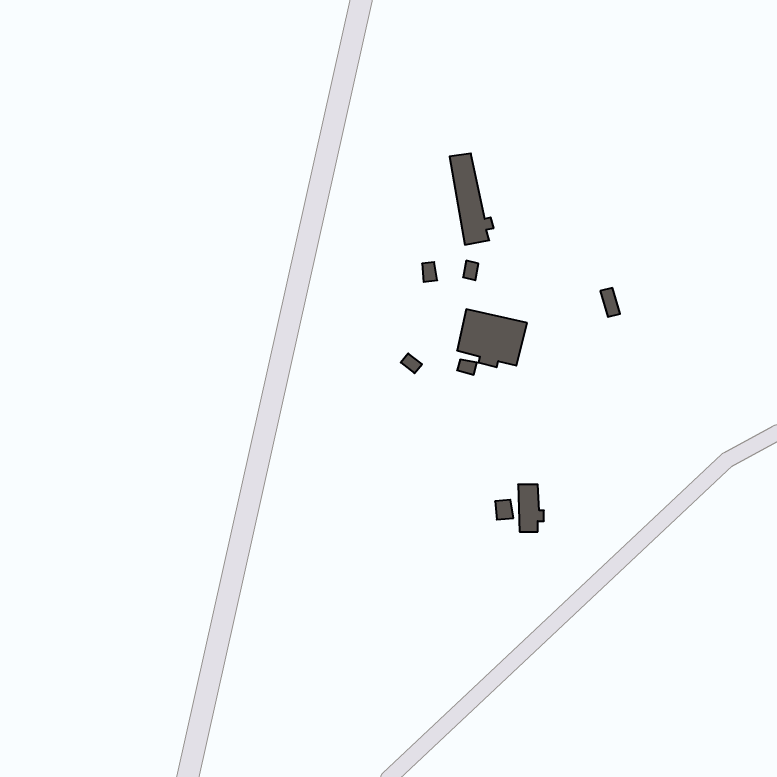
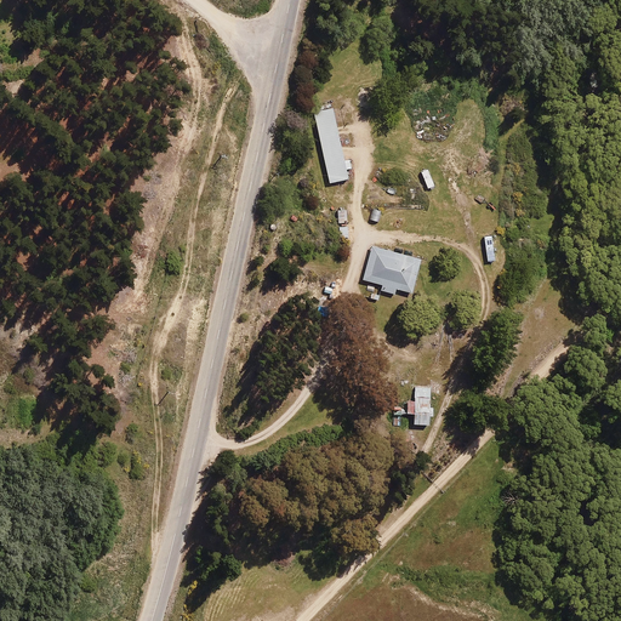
building: [450,153,494,245] -> [315,109,351,182]

